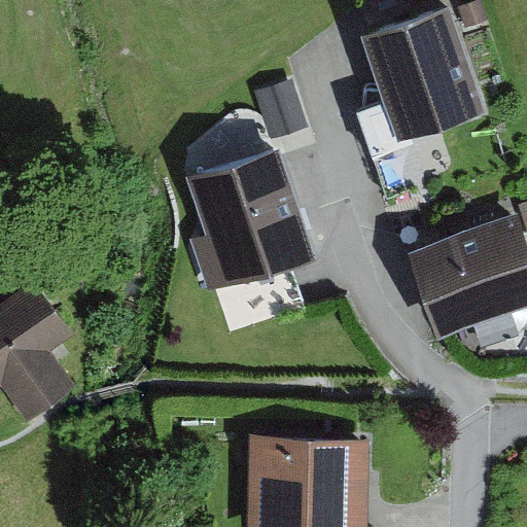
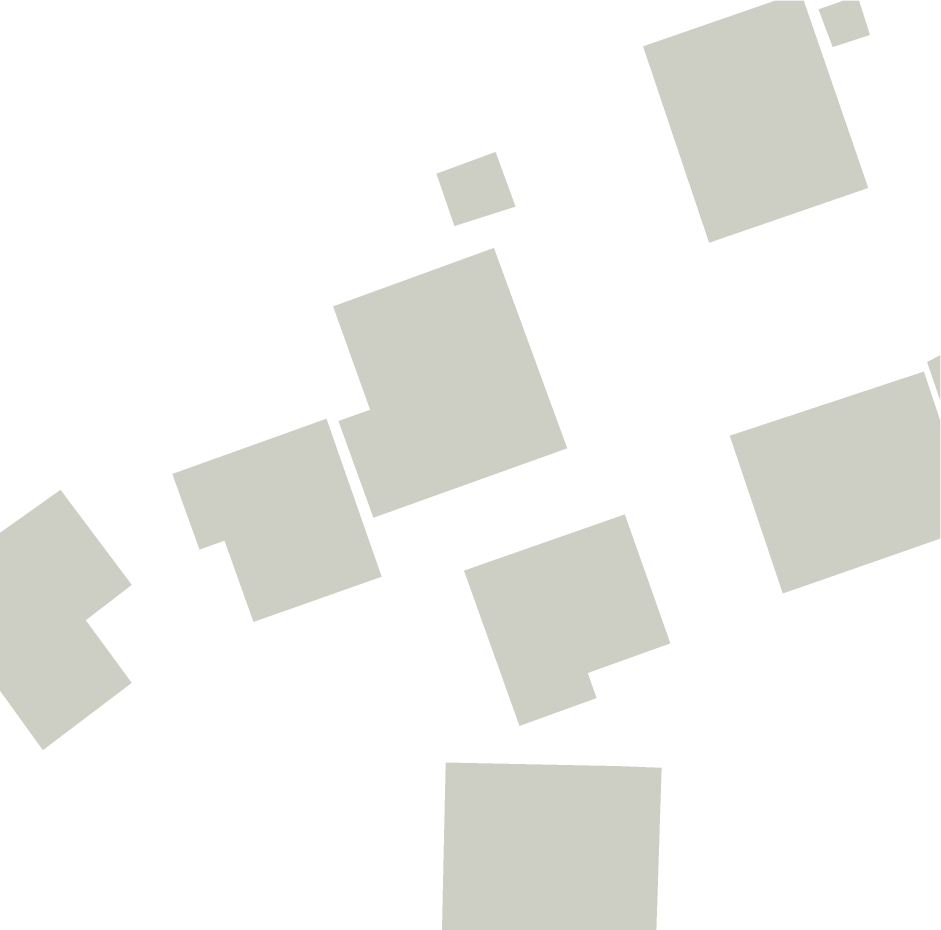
building: none -> [172,418,383,623]
building: none -> [463,514,671,727]

